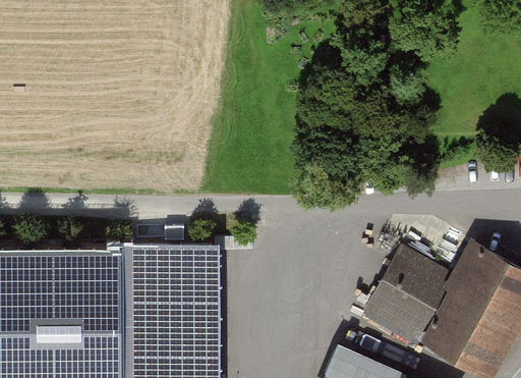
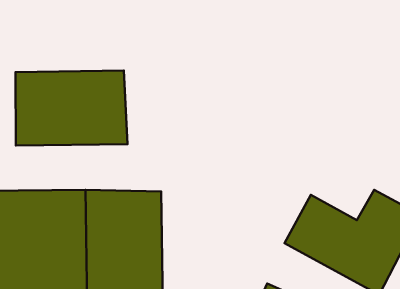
building: none -> [15,71,128,146]

